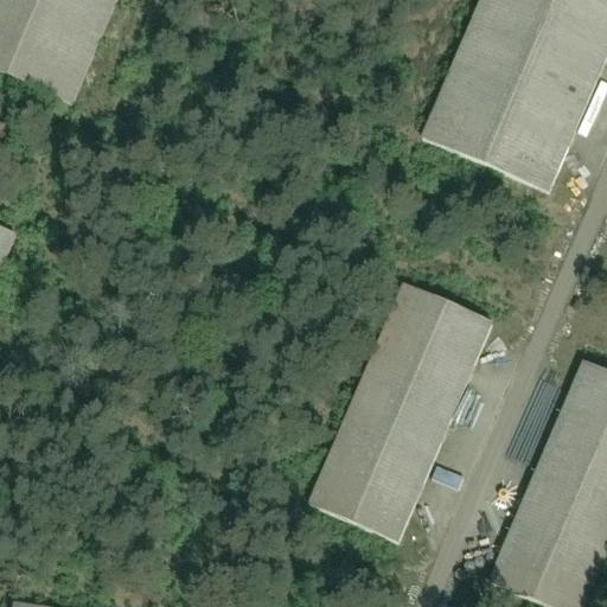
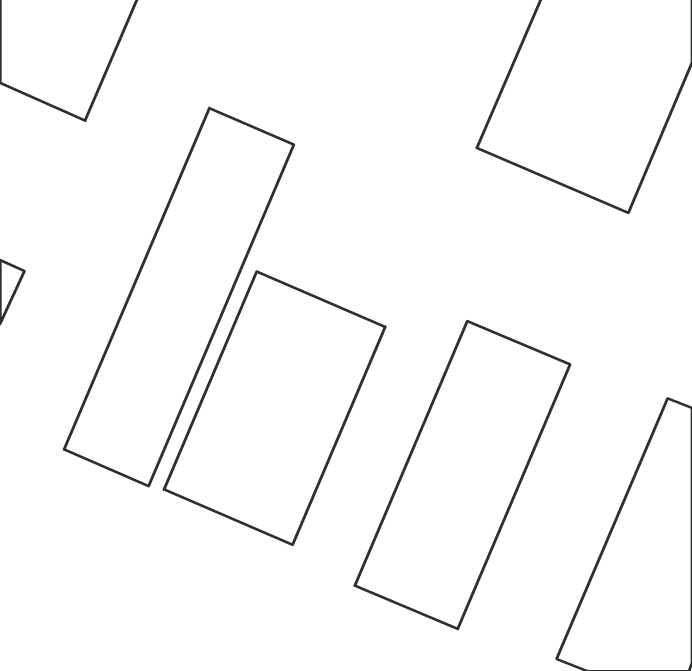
building: none -> [64,108,294,486]
building: none -> [164,272,385,545]

